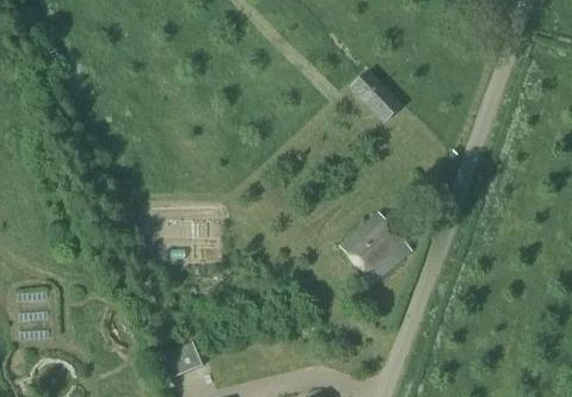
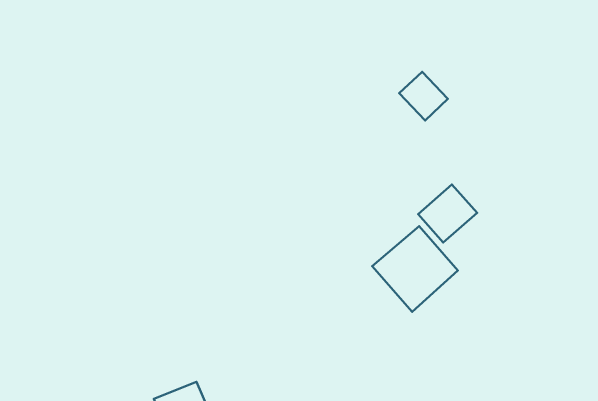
building: none -> [418,184,477,243]

